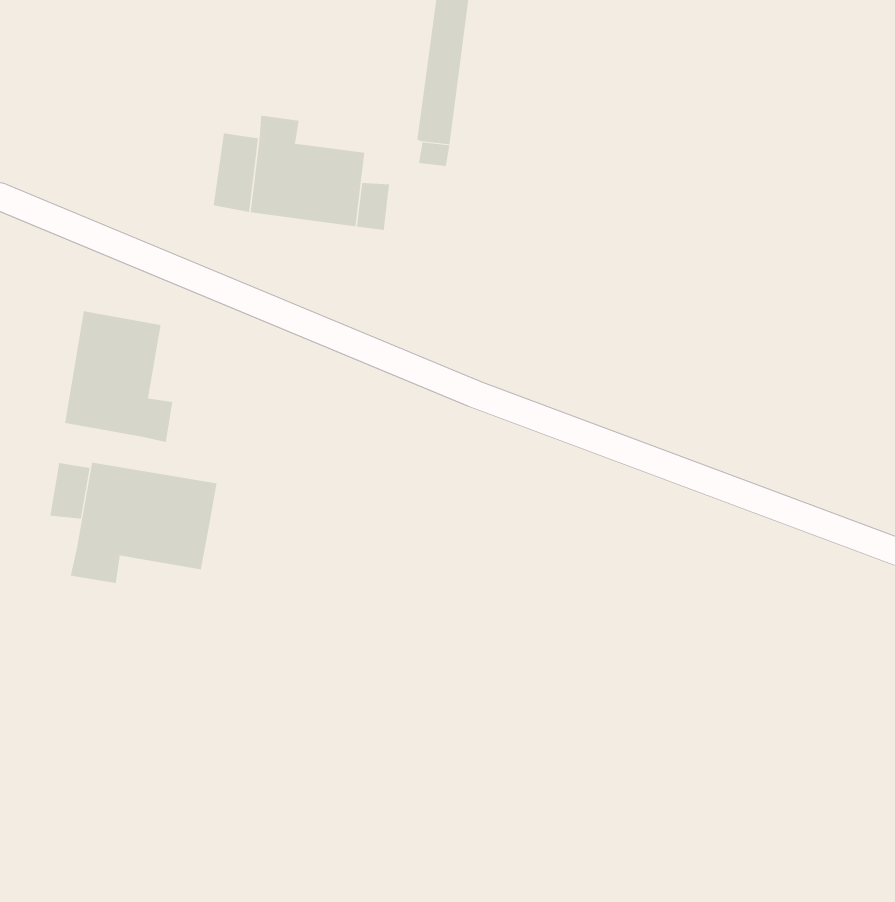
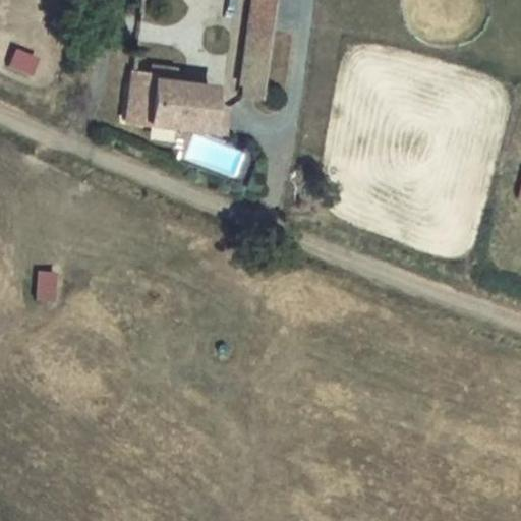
building: [65,311,173,443] -> none
building: [70,462,217,584] -> none

